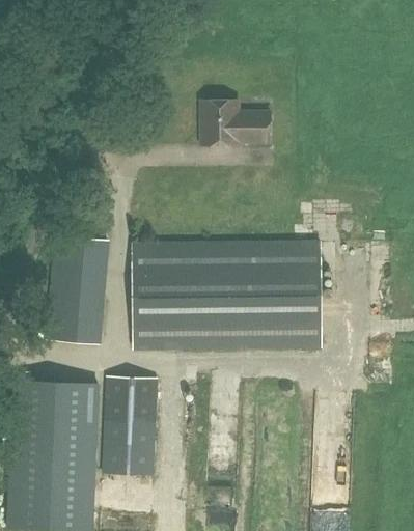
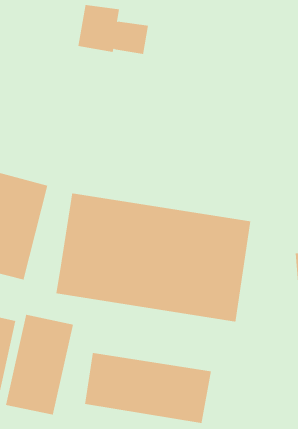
building: [200,101,269,145] -> [78,4,149,54]
building: none -> [84,352,211,424]

